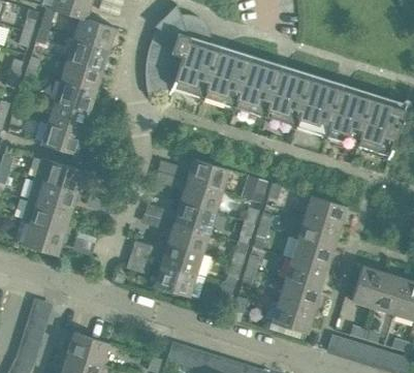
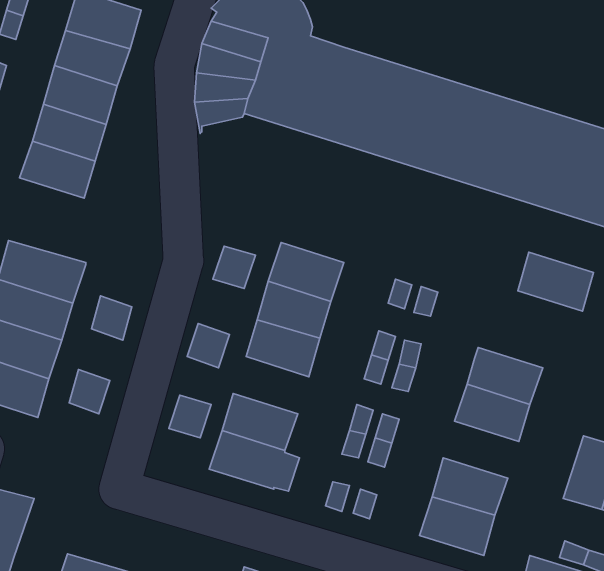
building: [40,122,83,155] -> none
building: [304,195,346,228] -> [518,252,593,311]
building: [166,222,209,254] -> none
building: [284,258,326,290] -> none

